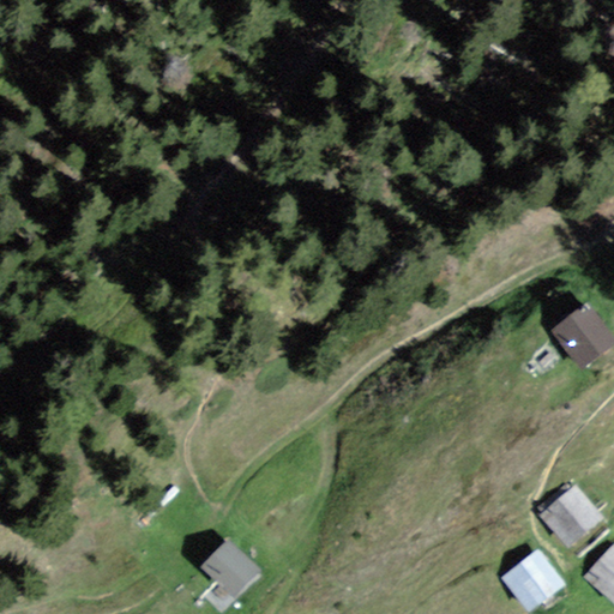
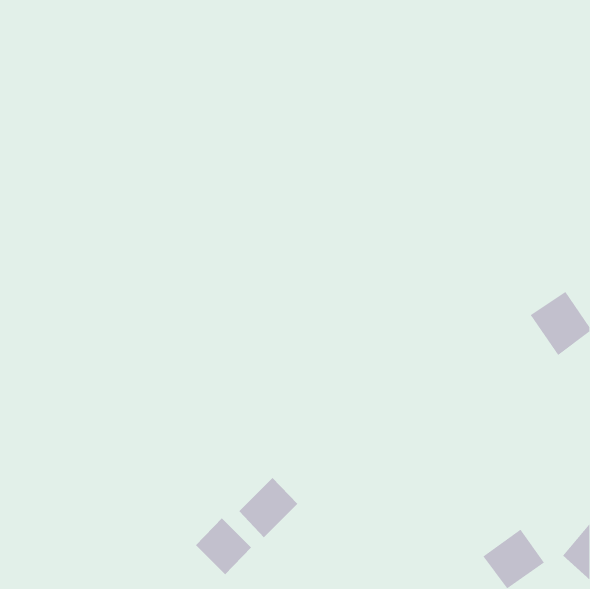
building: [540,484,606,549] -> none
building: none -> [238,477,298,538]

